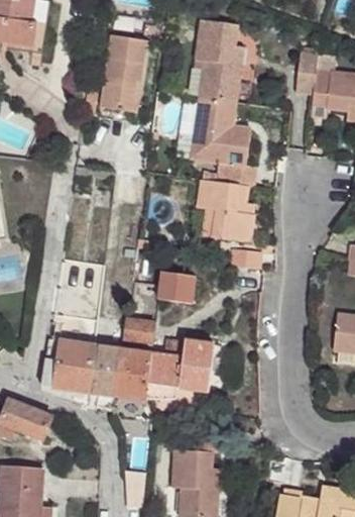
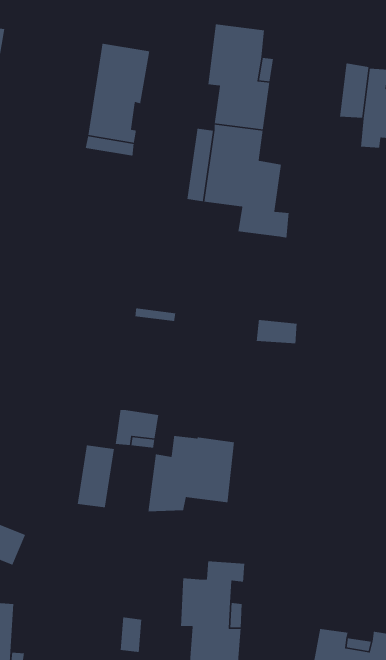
building: [198,179,254,241] -> none
building: [159,271,196,303] -> none
building: [42,337,100,392] -> none
building: [115,348,153,400] -> none

